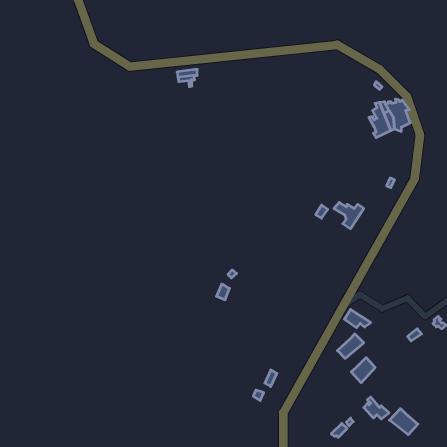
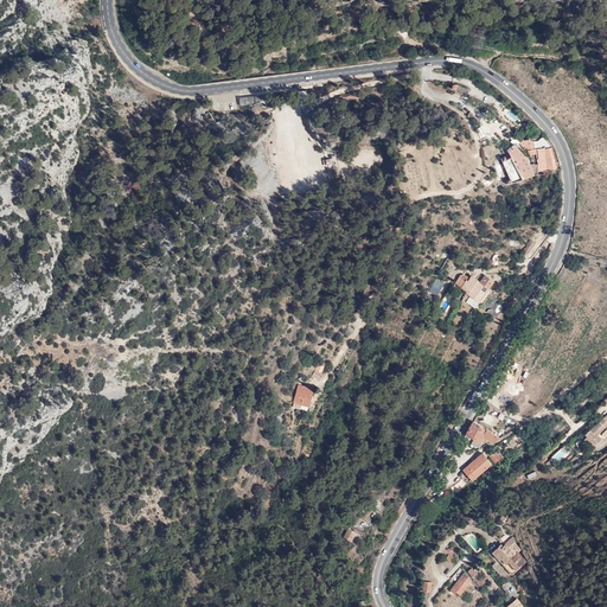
building: [351,358,375,383] -> none
building: [389,409,418,435] -> none

